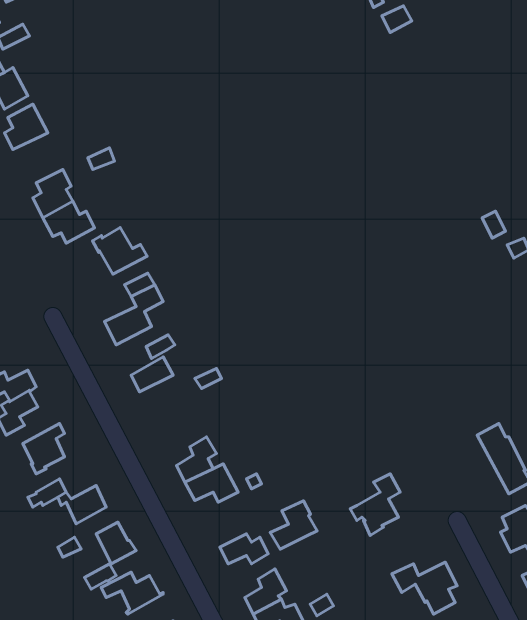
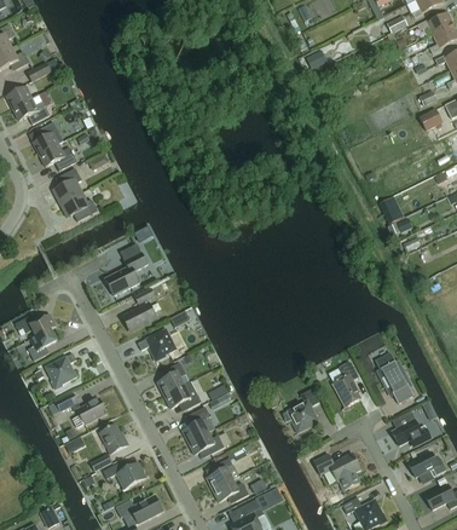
building: none -> [39,144,76,171]
building: [92,228,147,274] -> none
building: none -> [138,328,177,361]
building: none -> [334,362,360,405]
building: [270,501,317,549] -> [181,407,215,442]

